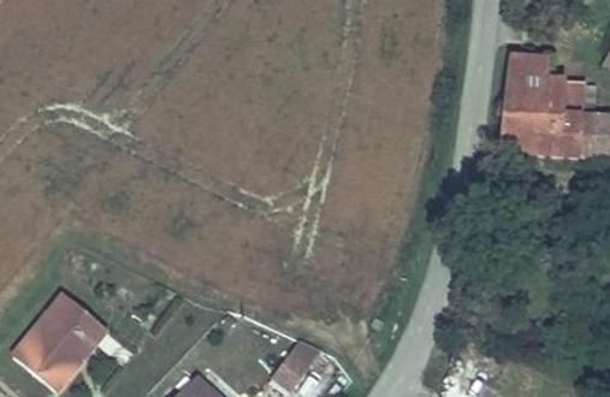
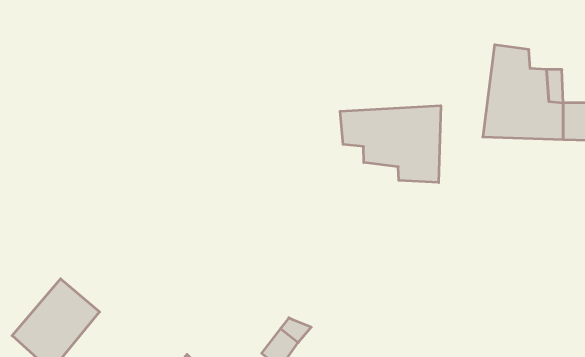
building: none -> [340,106,441,183]

